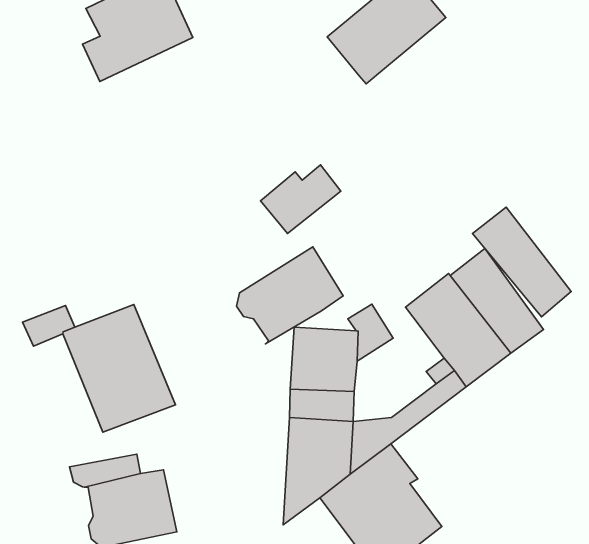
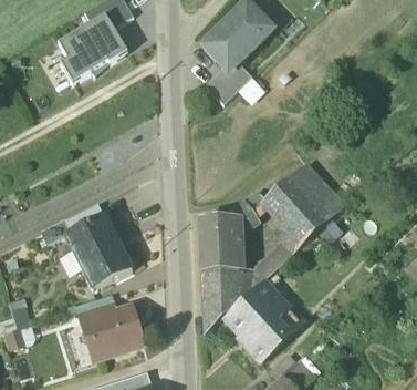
building: [260,165,341,234] -> [206,61,252,103]
building: [472,207,571,317] -> none
building: [237,247,343,344] -> none

